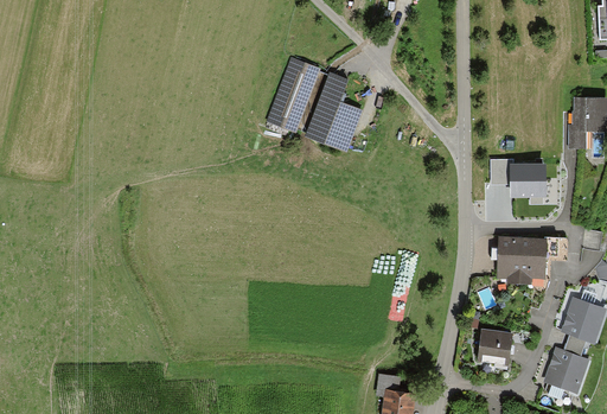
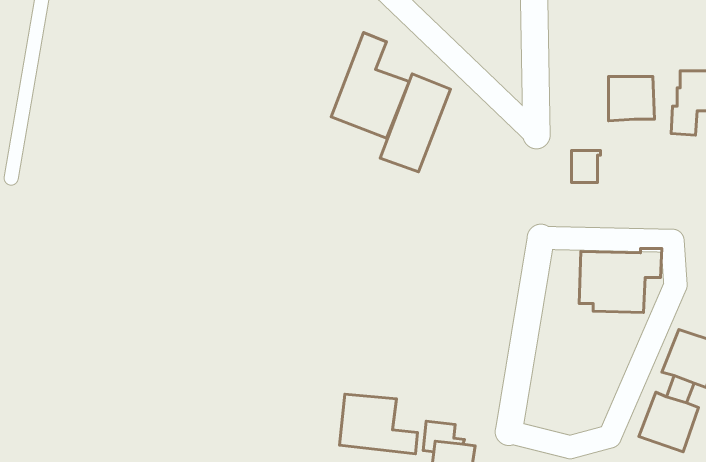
building: [267,55,321,130] -> [380,74,450,172]
building: [511,164,547,198] -> [609,76,654,121]
building: [479,331,511,364] -> none
building: none -> [339,394,418,454]

